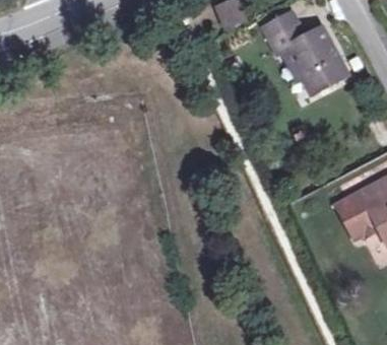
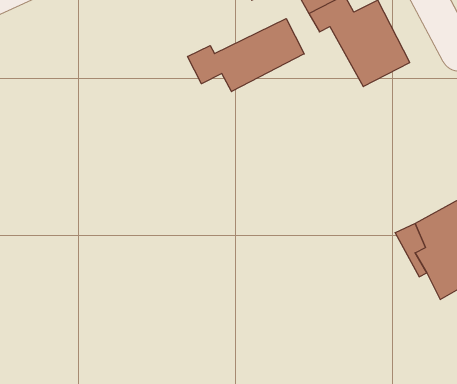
building: none -> [188,19,304,92]

